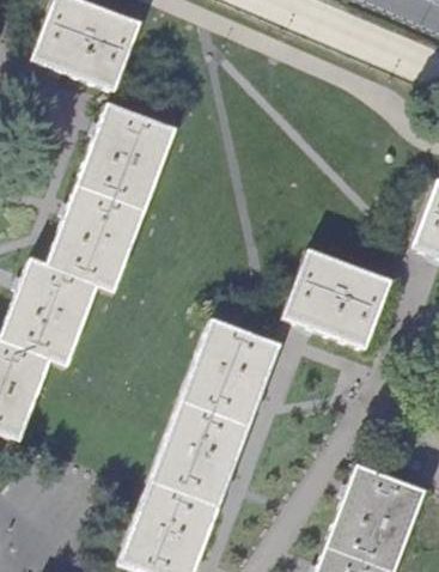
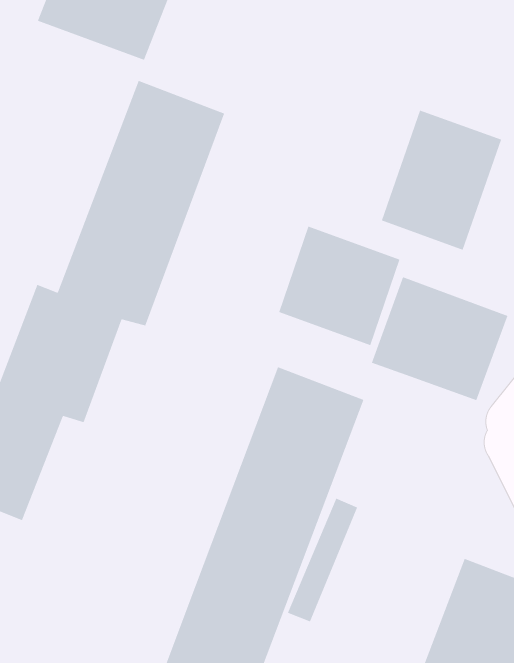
building: none -> [381,109,502,251]
building: none -> [278,225,401,346]

